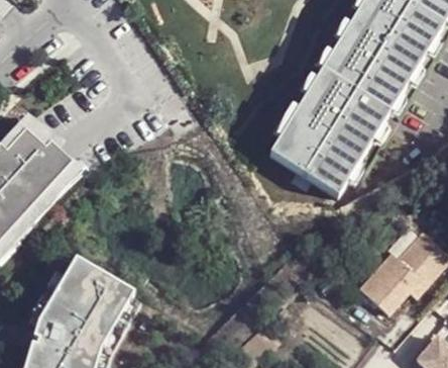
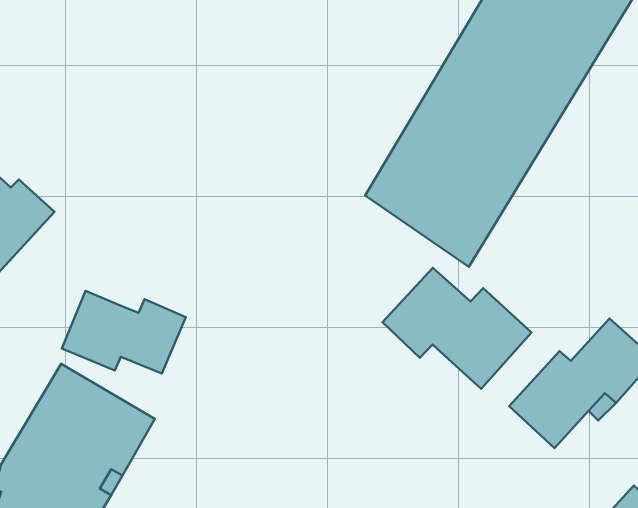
building: none -> [382,268,532,389]
building: none -> [62,291,186,374]

